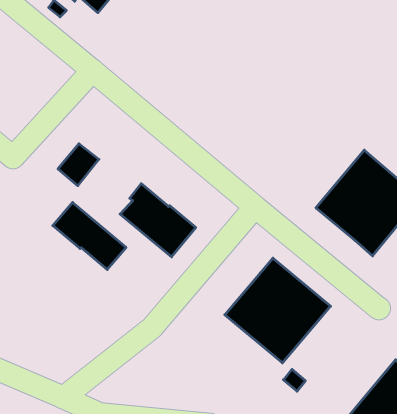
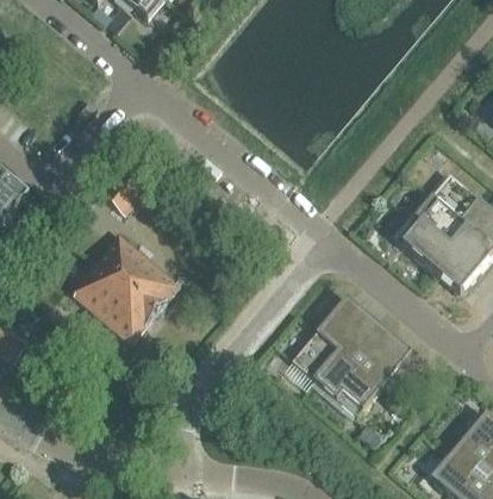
building: [120,184,196,257] -> [71,260,157,343]

